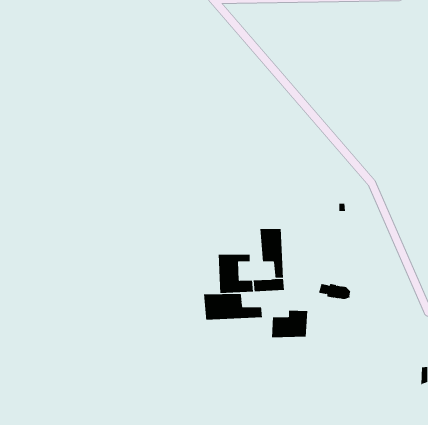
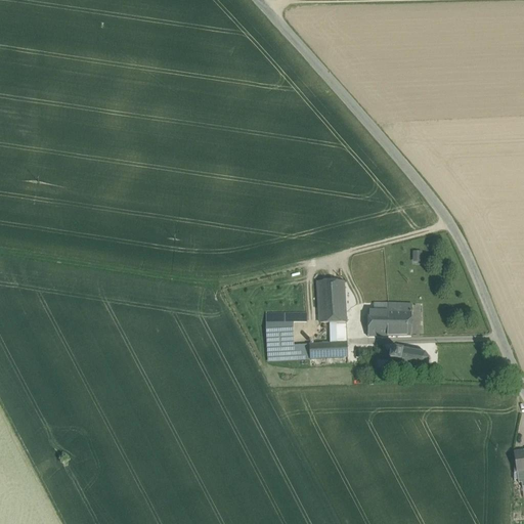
building: [203,293,263,320] -> none
building: [271,310,308,338] -> [367,301,412,335]

